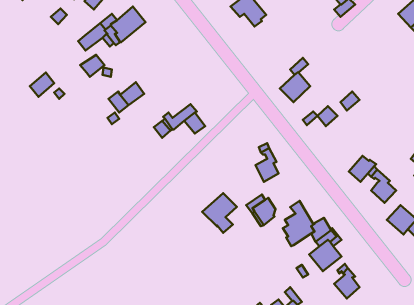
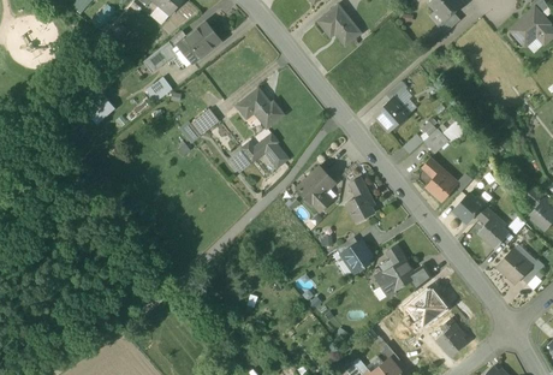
building: none -> [237,88,284,127]
building: none -> [422,159,456,201]
building: [202,193,237,233] -> [296,166,335,212]

